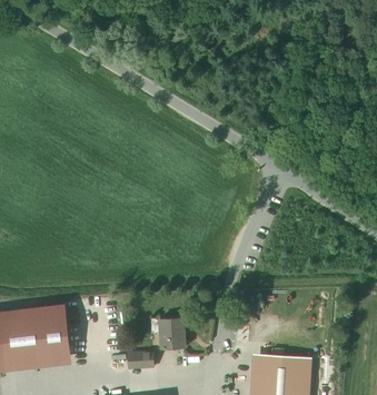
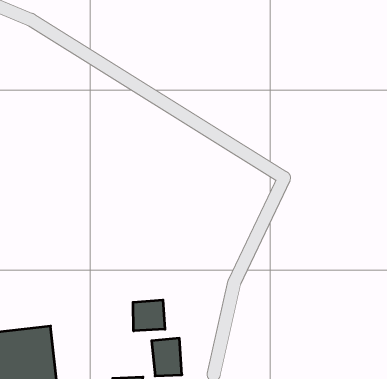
building: none -> [133,300,165,331]

